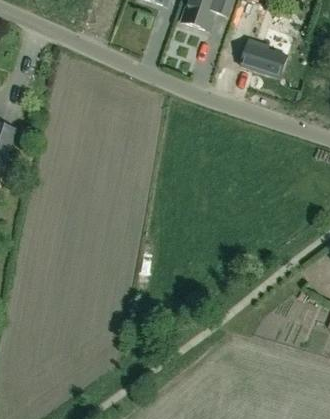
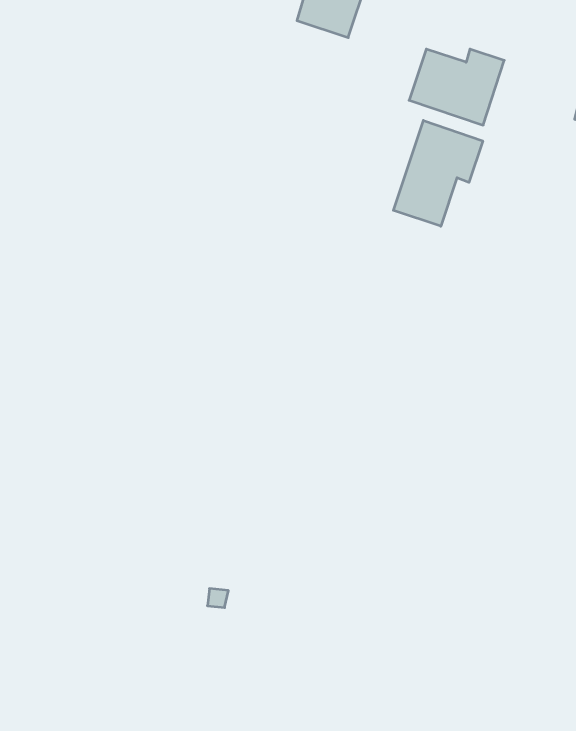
building: none -> [393,120,483,226]

